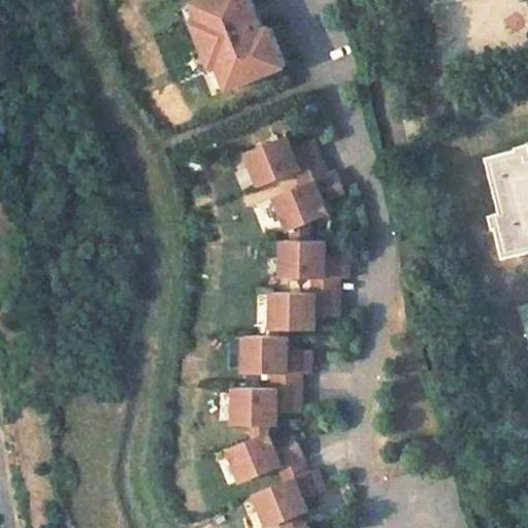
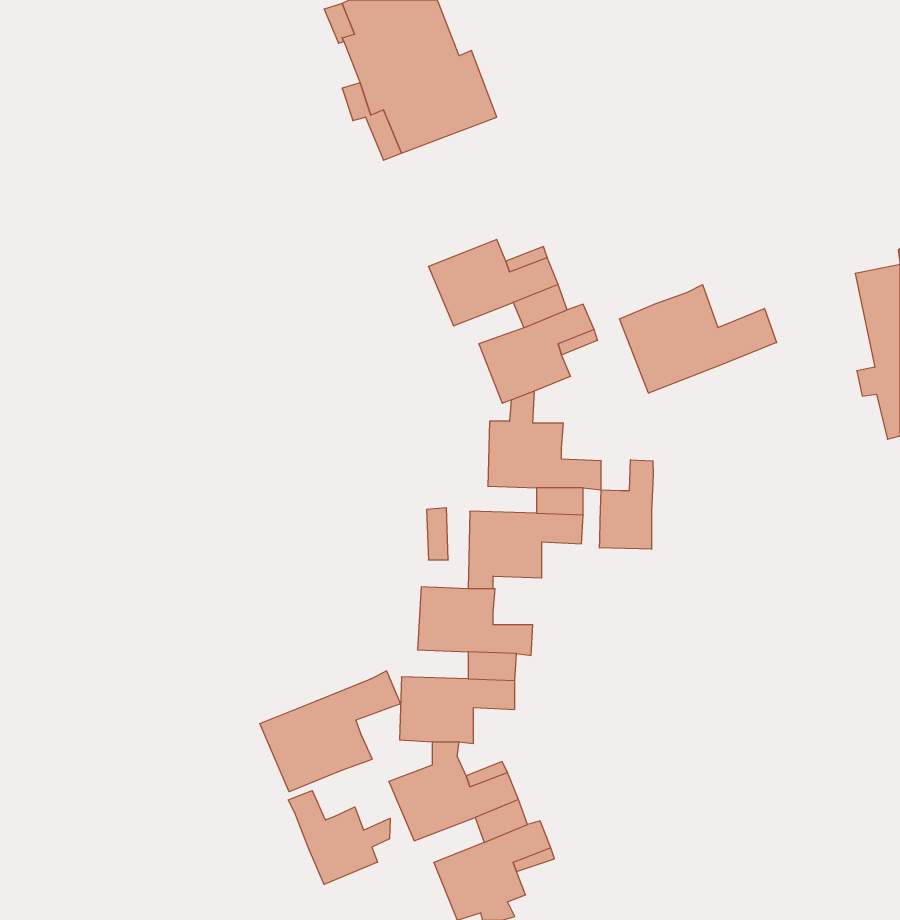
building: none -> [619,285,777,393]
building: none -> [600,460,653,549]
building: none -> [260,671,401,792]
building: none -> [288,791,390,885]

